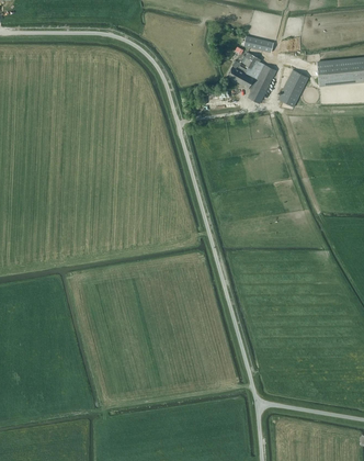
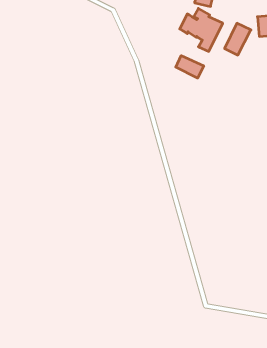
building: none -> [176,56,204,78]

